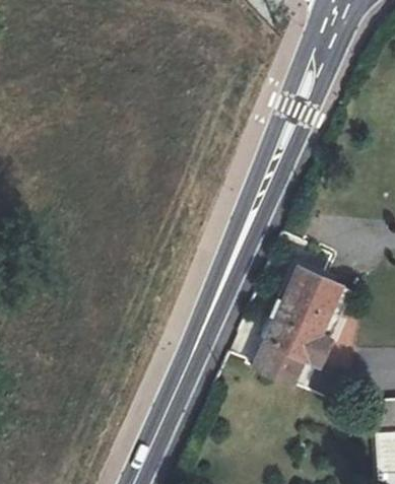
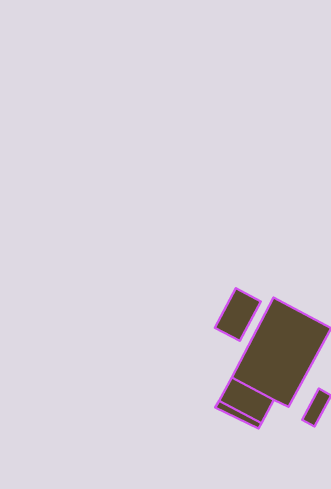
building: none -> [215,288,261,341]

